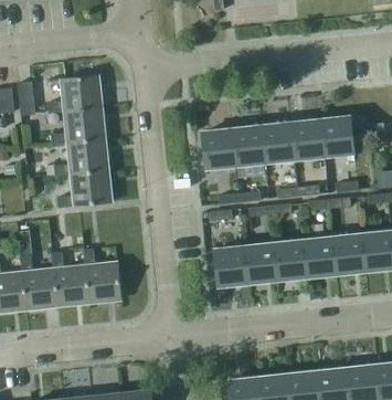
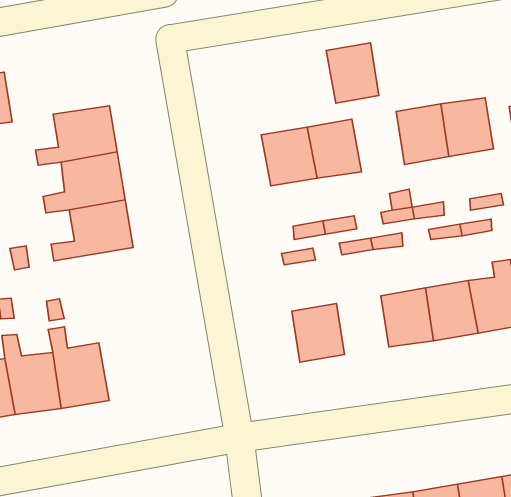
building: [46,75,100,114] -> none
building: [261,124,294,162] -> [326,43,379,103]
building: [243,245,276,283] -> none
building: [83,250,120,304] -> none

